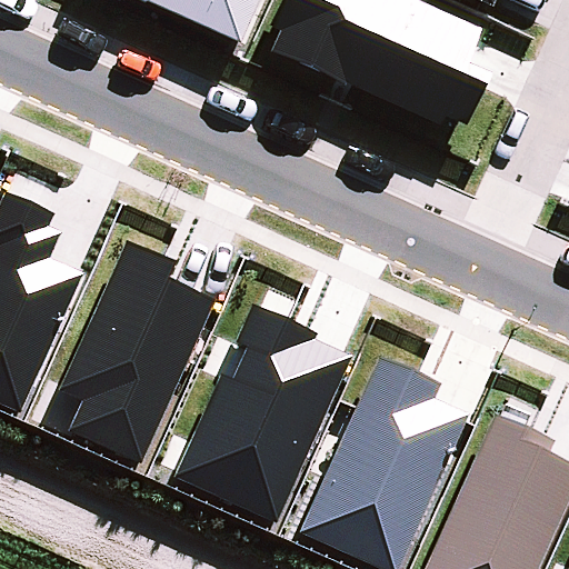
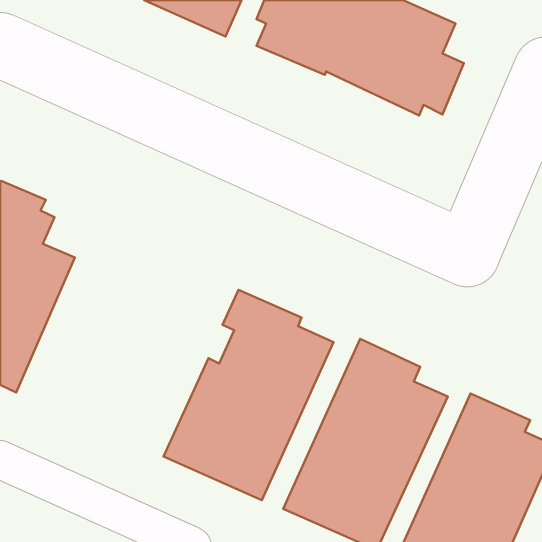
building: [58,238,214,463] -> none

